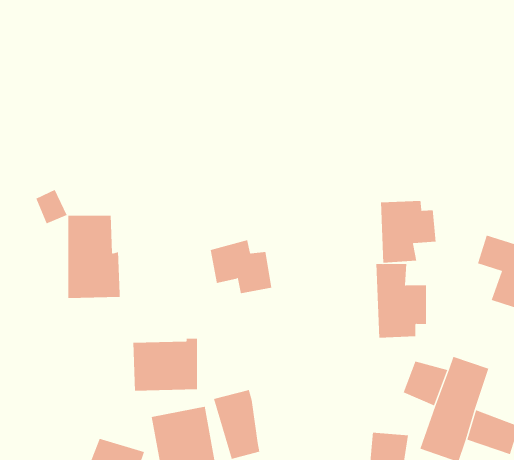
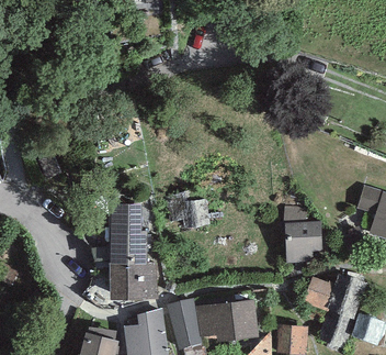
building: [381,200,436,264] -> none
building: [67,215,120,299] -> [109,204,147,265]
building: none -> [195,300,258,341]

